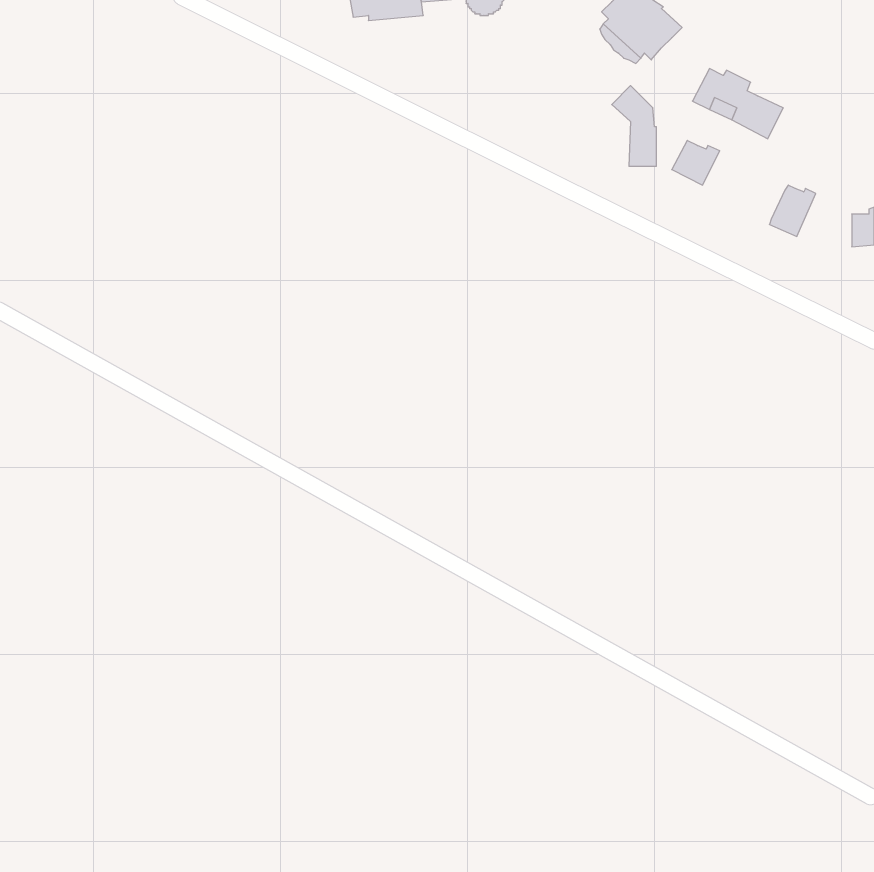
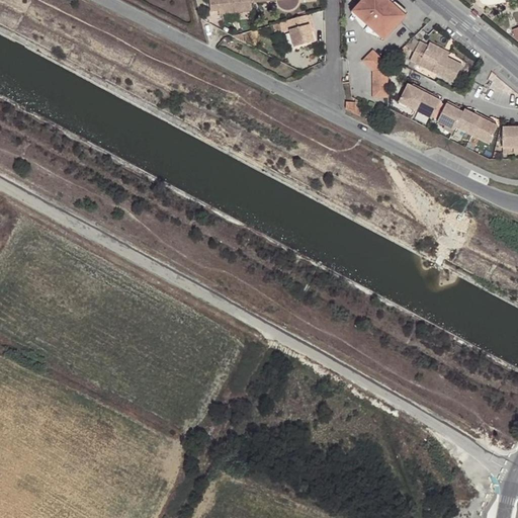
building: none -> [283,12,312,45]
building: none -> [415,89,440,117]
building: none -> [438,101,463,130]
building: none -> [470,114,498,148]

